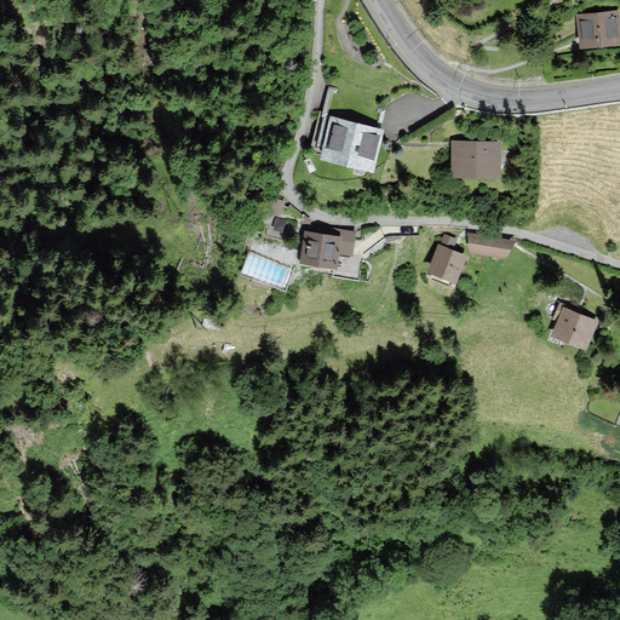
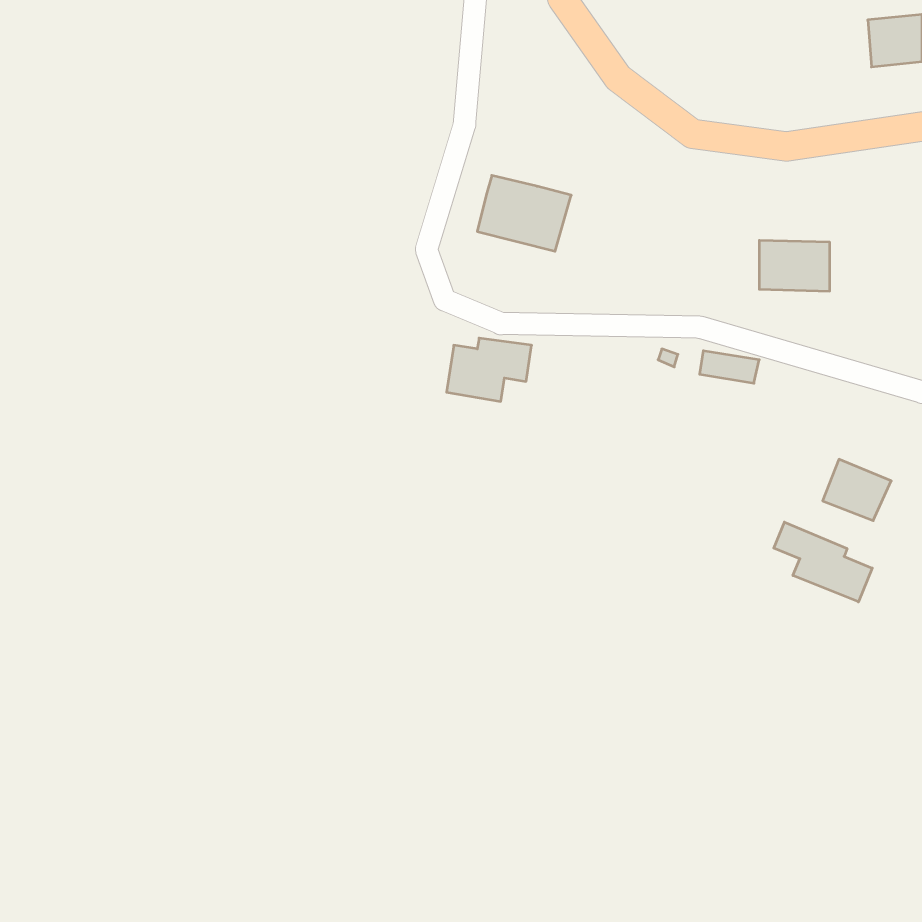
building: [452,140,499,174] -> [759,240,830,291]
building: [427,245,466,281] -> none
building: none -> [774,522,872,602]

